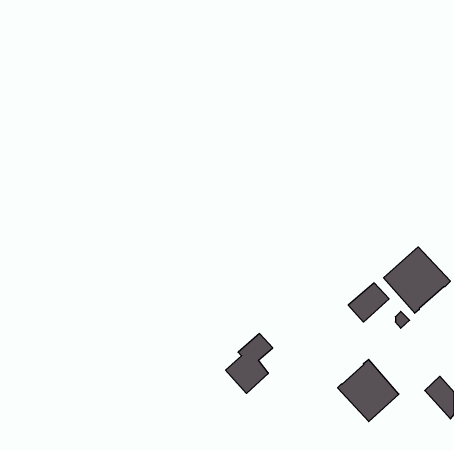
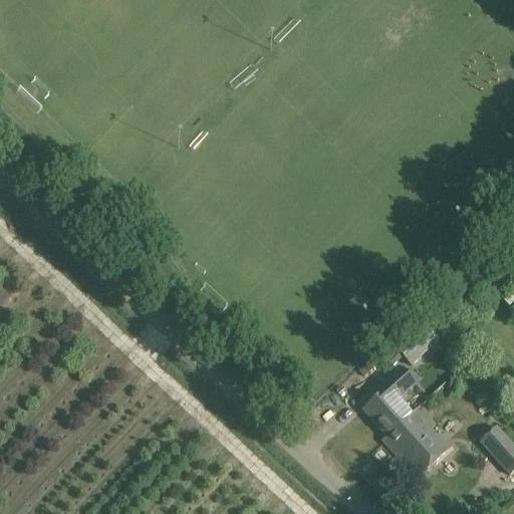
building: [384,247,450,313] -> none
building: [226,334,273,393] -> [362,366,416,434]

